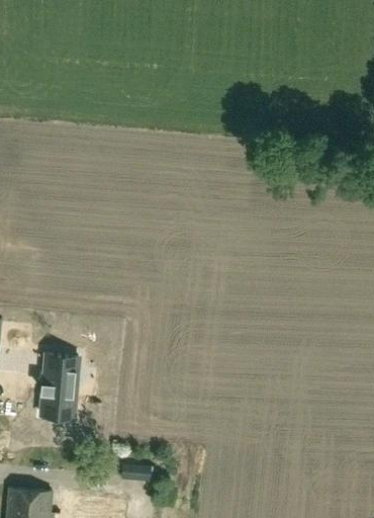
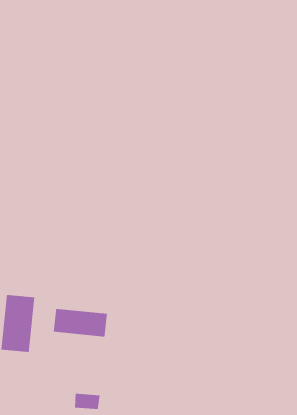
building: none -> [53,308,107,337]

